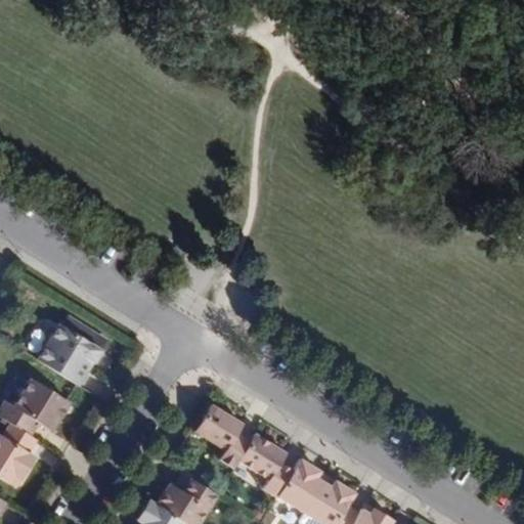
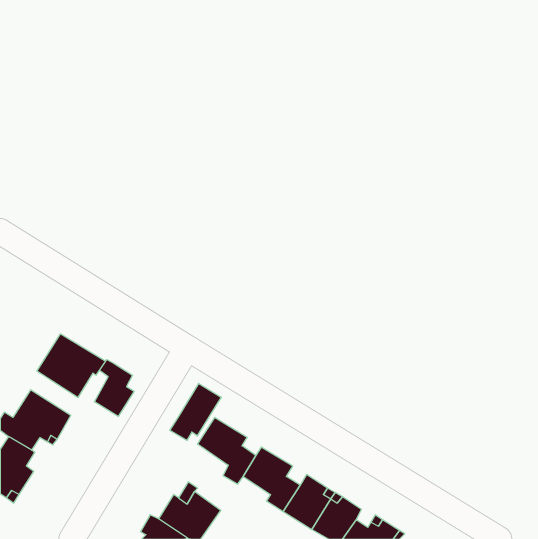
building: none -> [94,360,134,416]
building: none -> [170,383,221,440]

